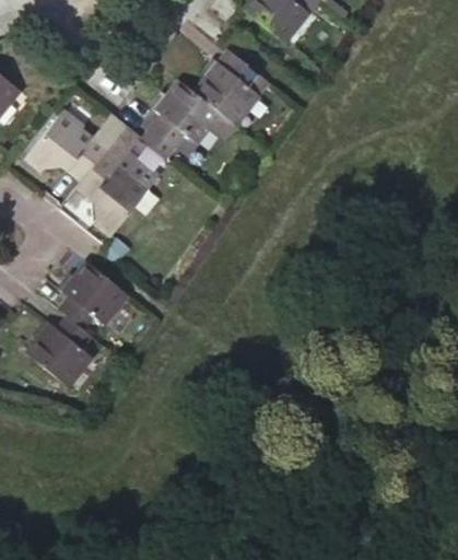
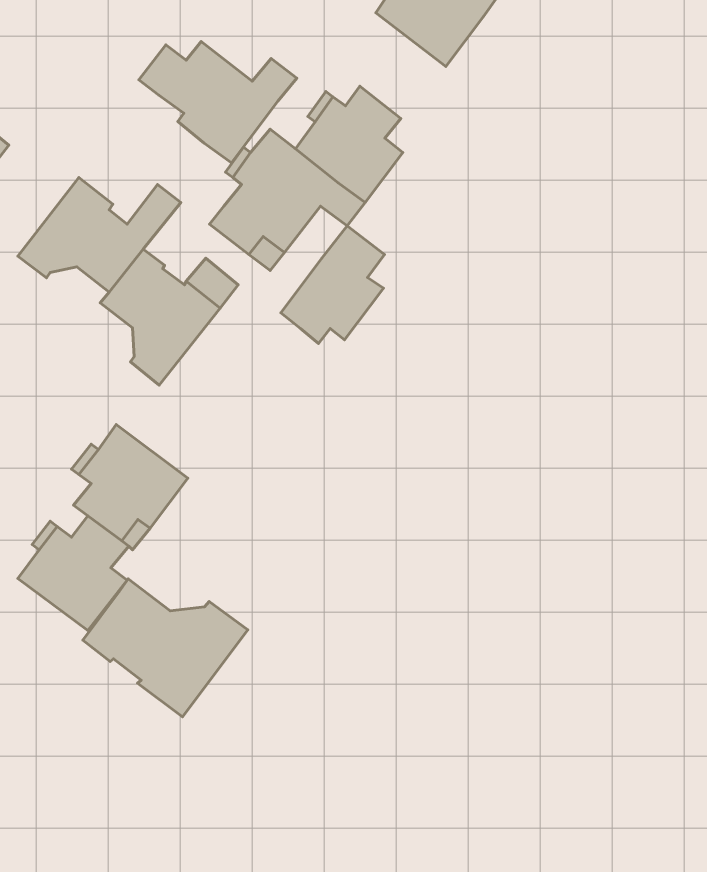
building: none -> [139,41,297,163]
building: none -> [281,226,385,343]
building: none -> [83,579,248,717]

